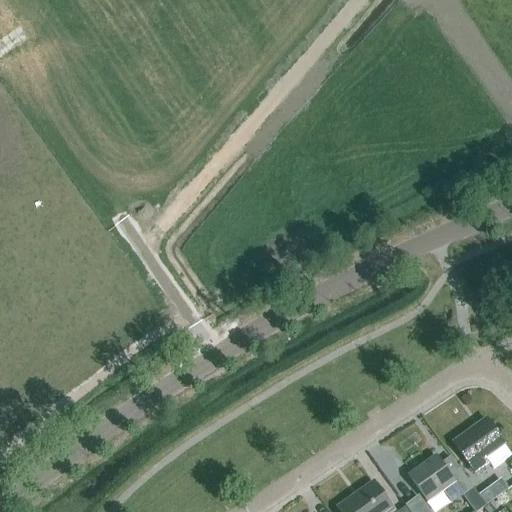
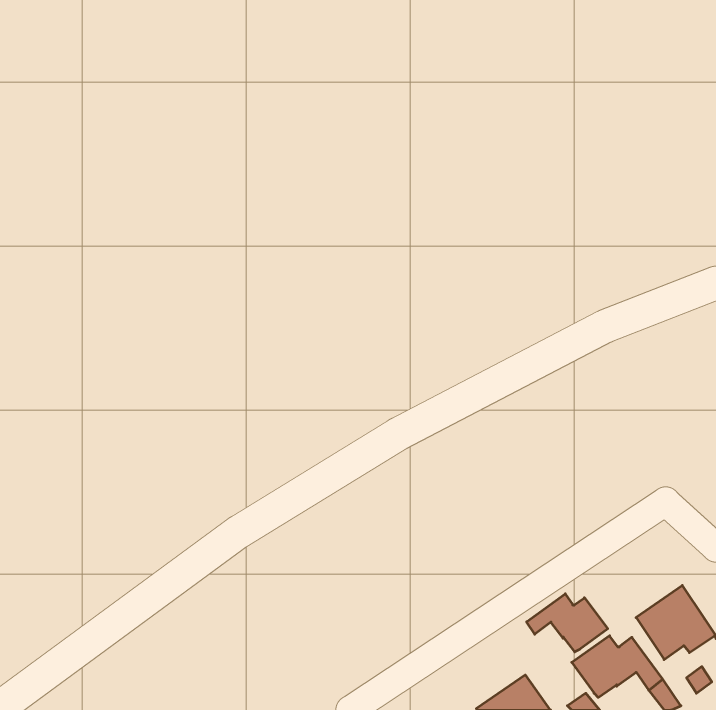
building: none -> [527,594,608,652]

